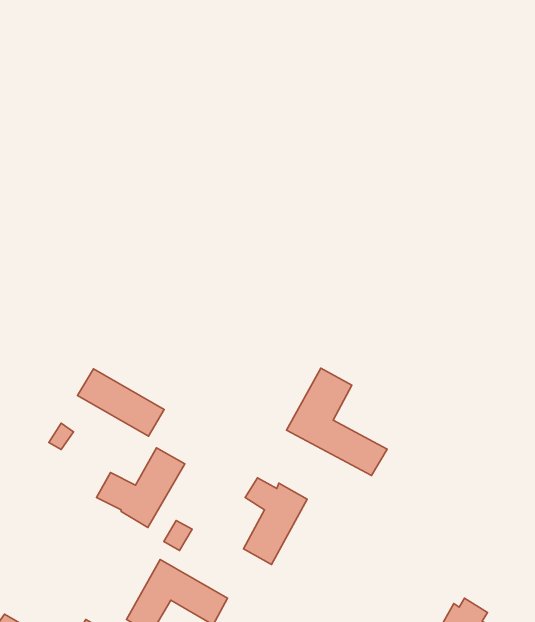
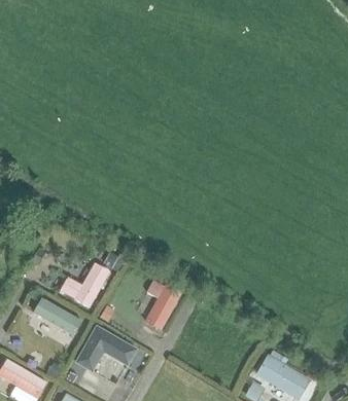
building: [286,368,387,476] -> none
building: [78,369,164,436] -> [32,297,82,336]

